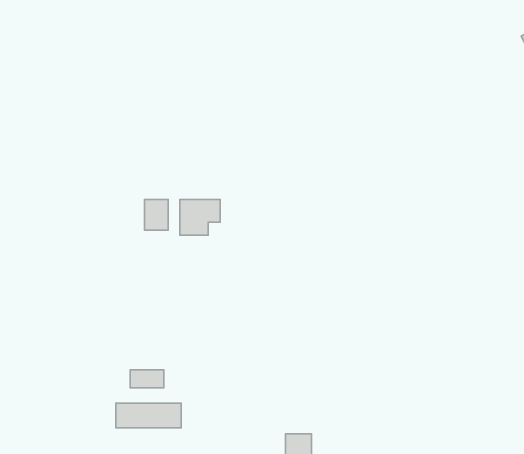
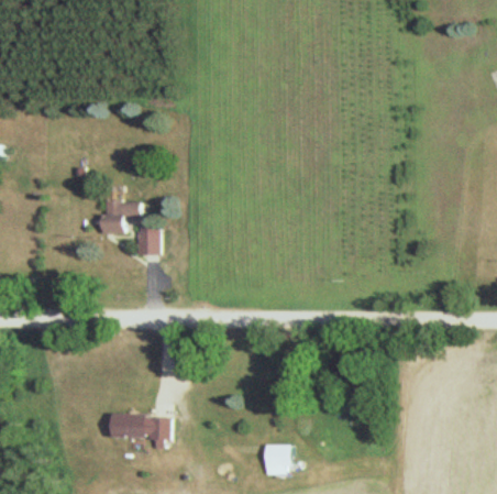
building: [180,200,220,235] -> [102,200,140,233]
building: [130,370,164,388] -> none

